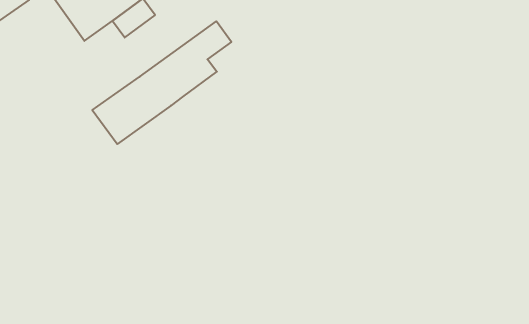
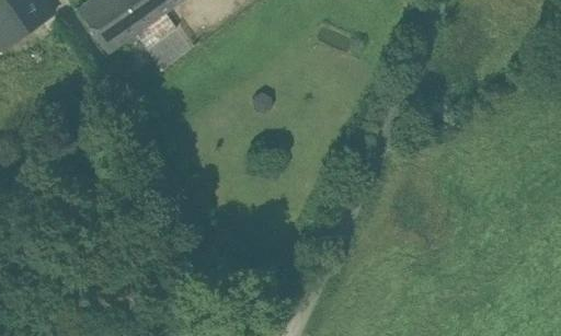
building: [92,21,231,144] -> none

